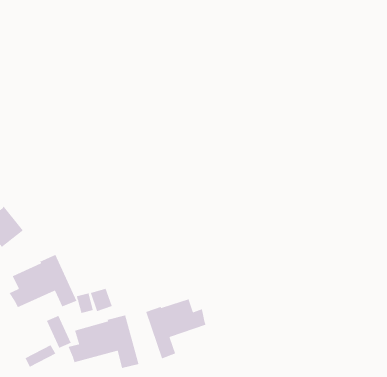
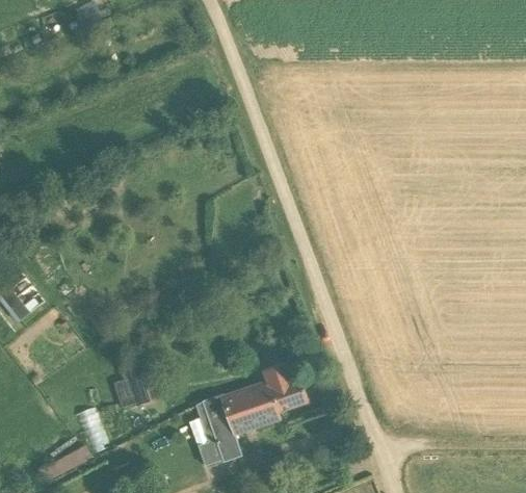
building: [9,254,77,308] -> none
building: none -> [253,365,303,415]
building: [67,314,140,369] -> none

